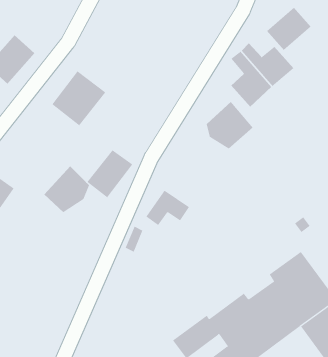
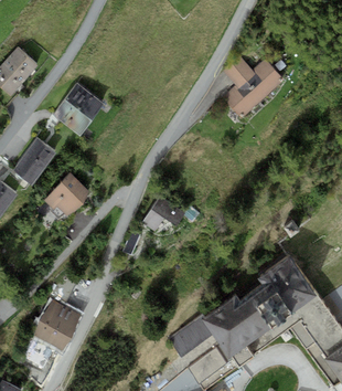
building: [266,7,312,51] -> none
building: [206,101,253,149] -> none
building: [87,149,133,198] -> [13,138,57,184]
building: none -> [34,299,81,350]

